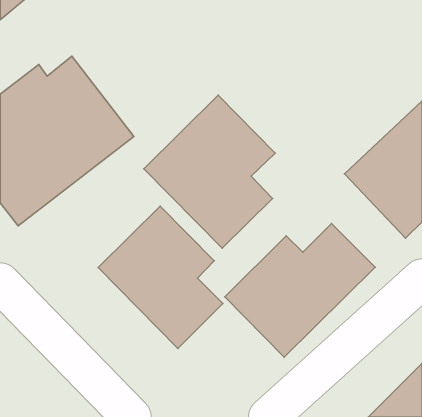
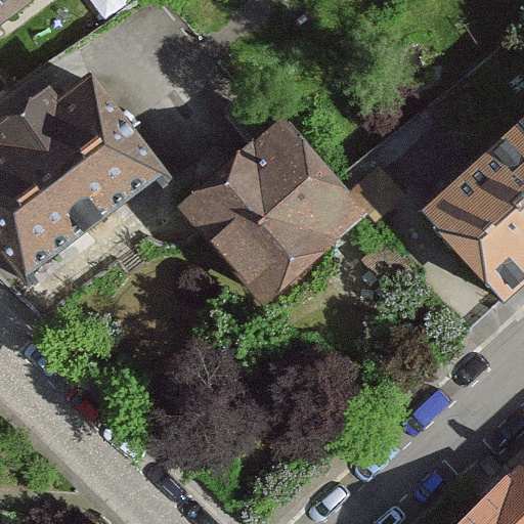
building: [98,206,223,348] -> none
building: [225,223,375,357] -> none

